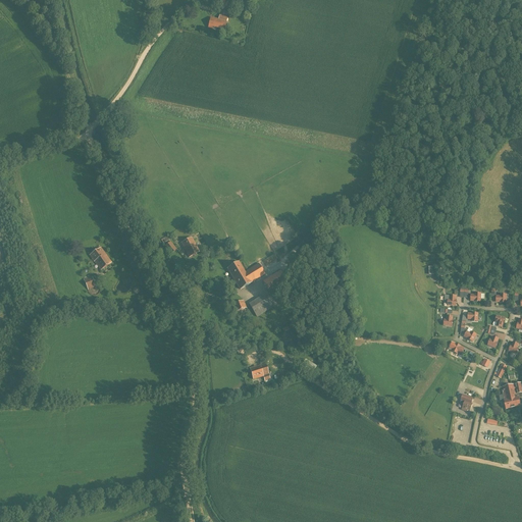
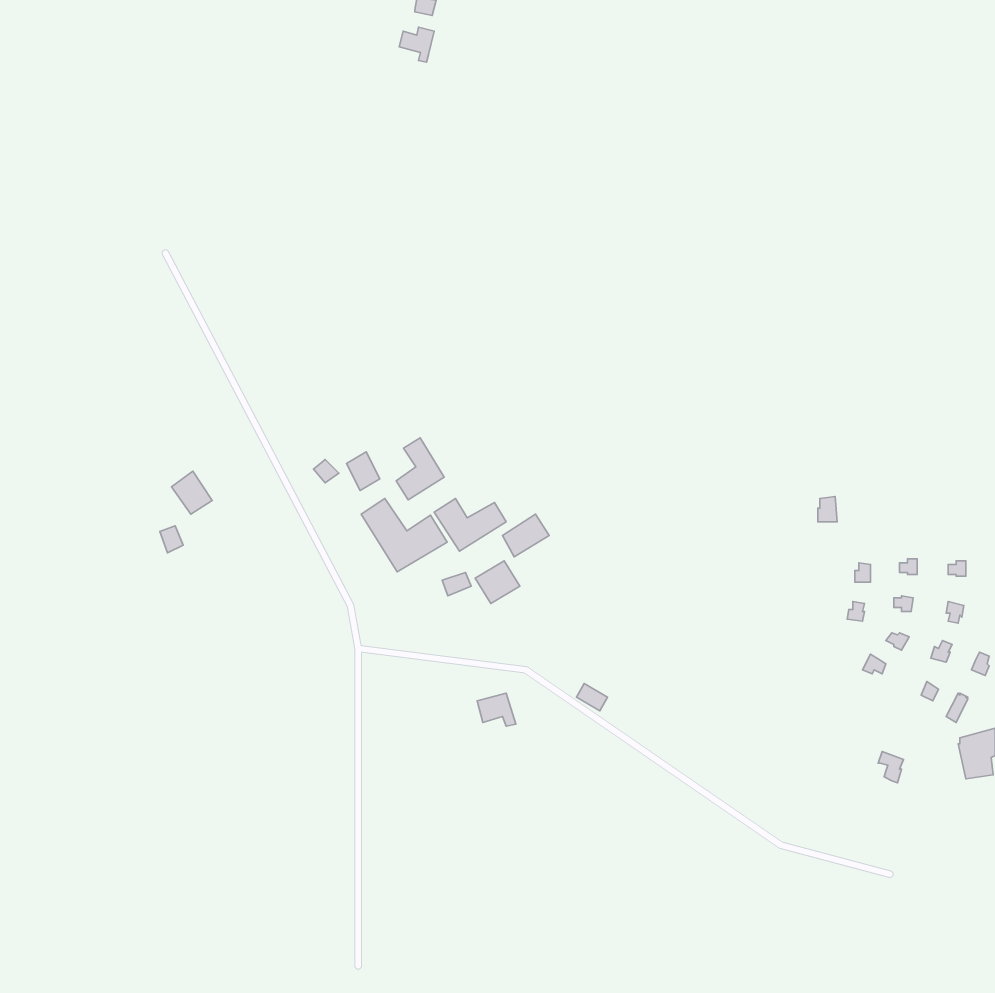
building: none -> [396,438,444,500]
building: none -> [361,499,447,572]

